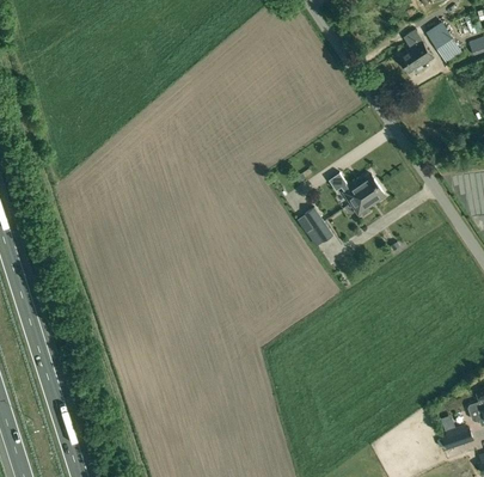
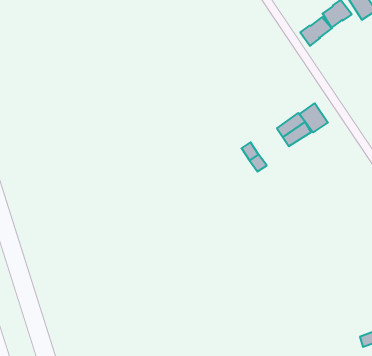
building: none -> [300,17,332,46]
building: none -> [299,103,328,132]

